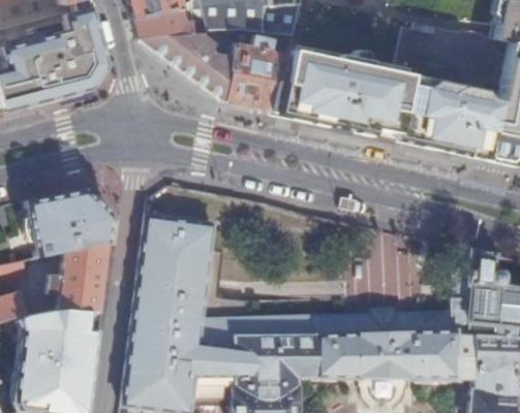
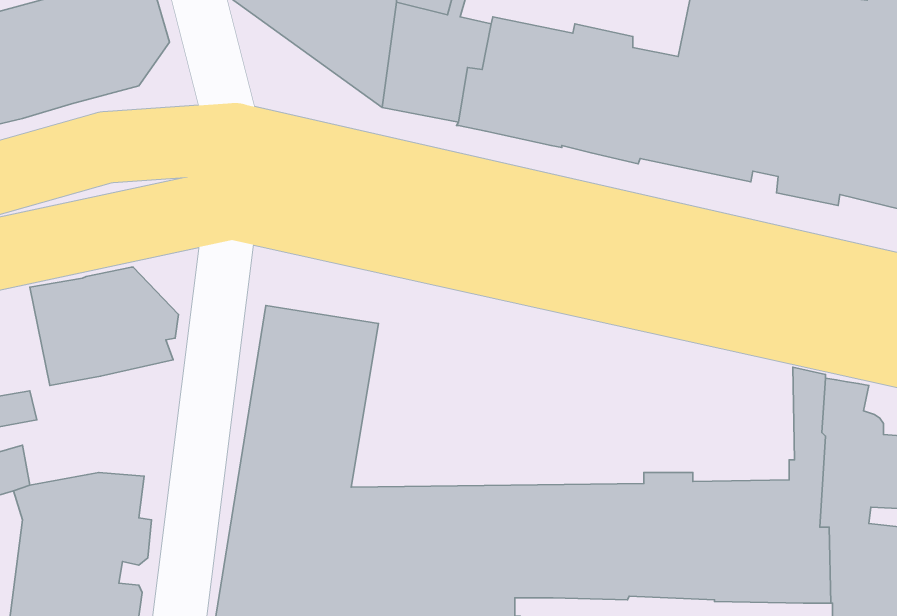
building: [42,243,106,309] -> none

